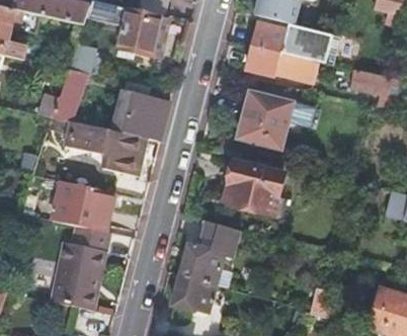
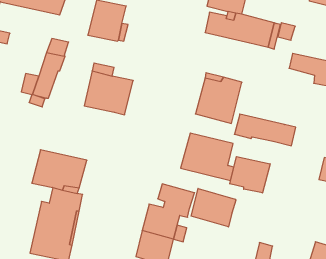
building: [246,46,317,82] -> [234,114,296,146]
building: [63,121,147,176] -> none
building: none -> [230,157,270,193]
building: none -> [191,188,236,227]

